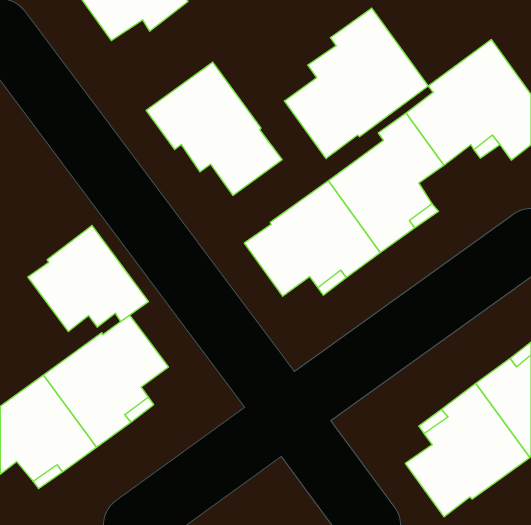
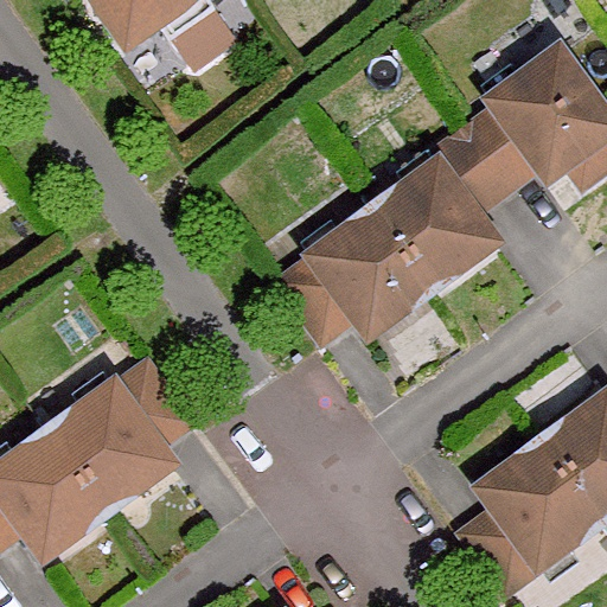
building: [284,8,428,159] -> none
building: [146,62,282,195] -> none
building: [28,225,148,332] -> none

